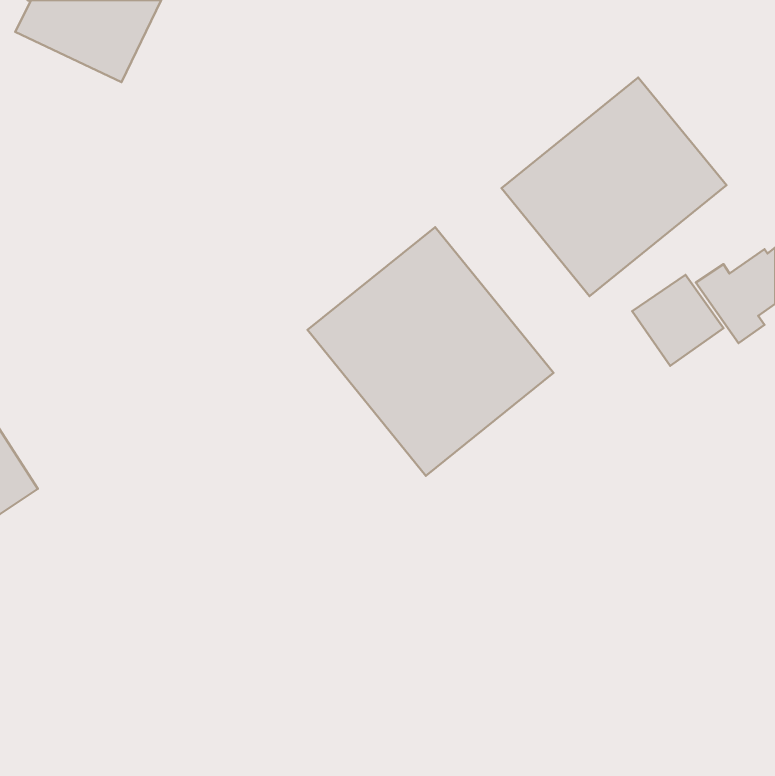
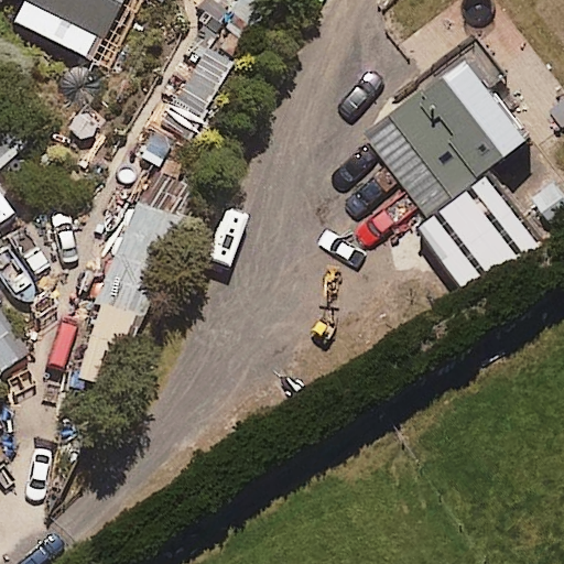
building: [308,227,554,476] -> none

